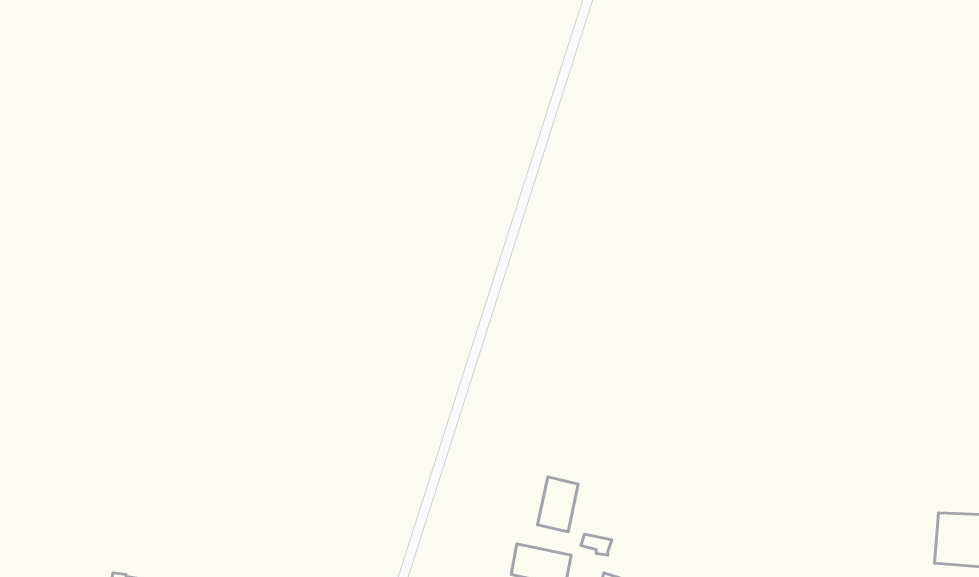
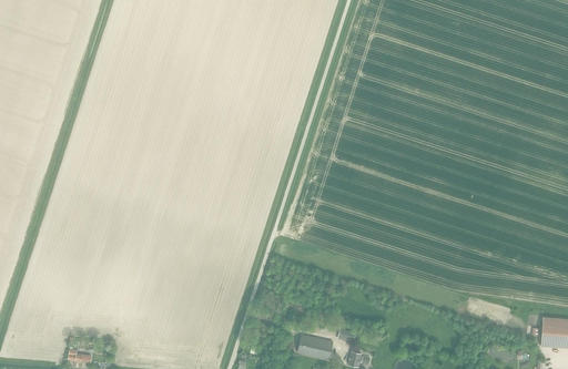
building: [538,477,578,532] -> none

